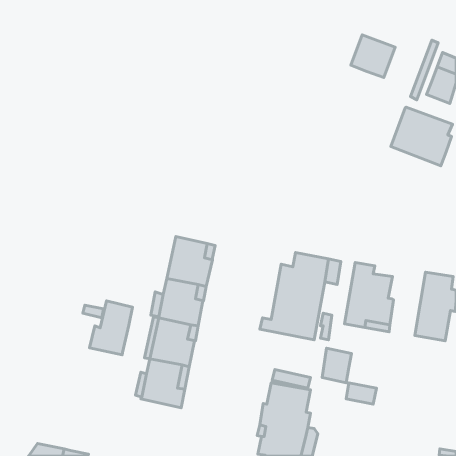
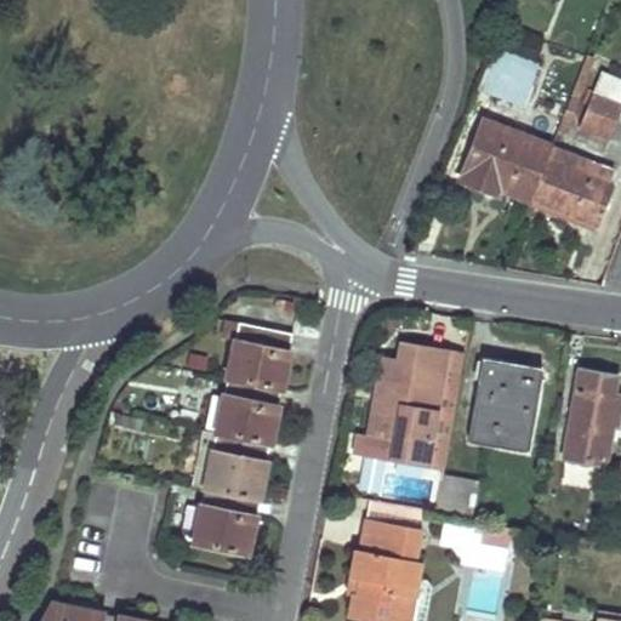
building: none -> [461,120,551,199]
building: [90,301,132,355] -> none

